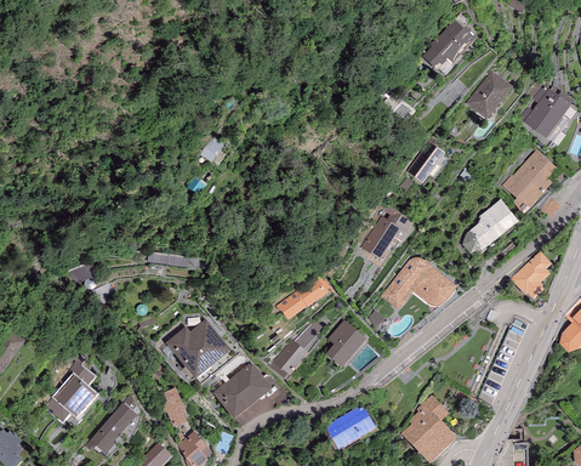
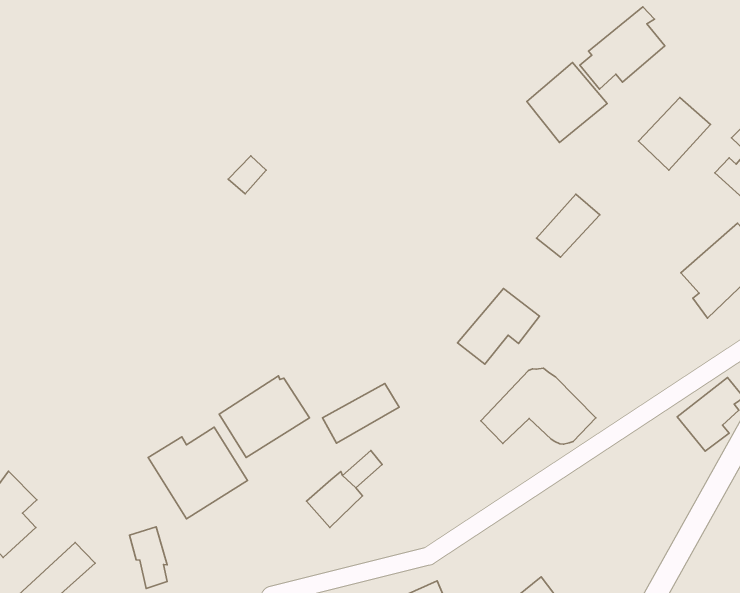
building: none -> [527,62,607,142]
building: [462,199,518,254] -> none
building: [325,319,366,366] -> none
building: [213,363,273,419] -> [219,376,309,458]

